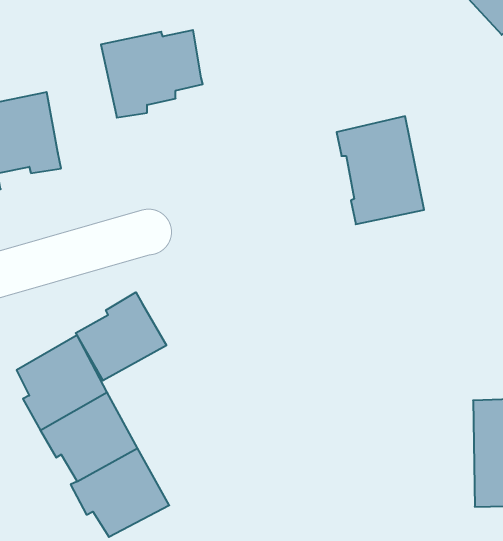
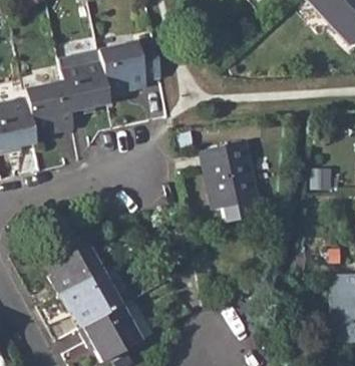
building: none -> [61,50,109,118]
building: [337,116,424,224] -> [202,140,257,209]
building: [76,292,166,381] -> none

